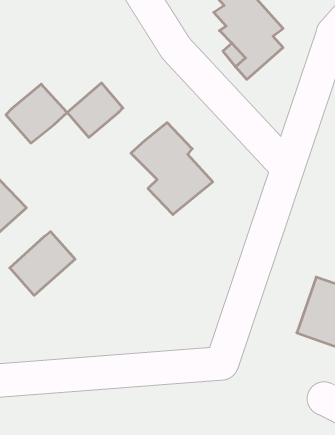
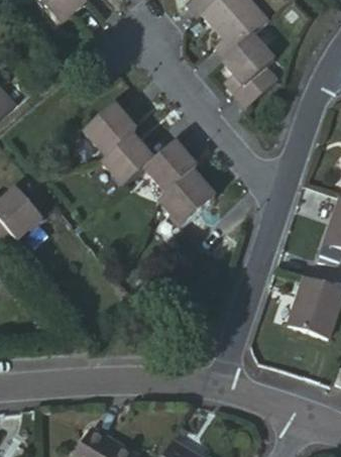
building: [6,84,67,143] -> [98,132,152,185]
building: [10,232,75,295] -> none

